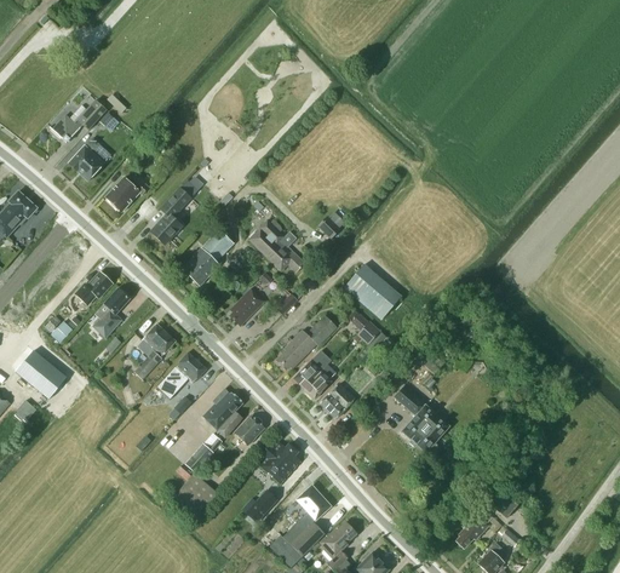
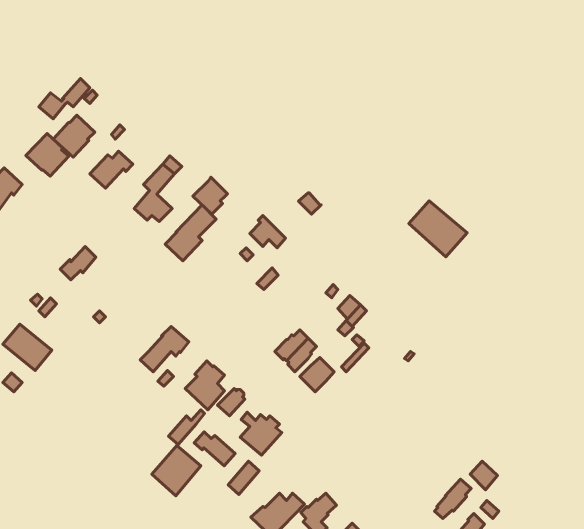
building: none -> [26,134,69,176]
building: [248,220,283,258] -> [193,177,227,214]
building: [344,262,403,319] -> [409,201,467,257]
building: [92,288,130,338] -> none
building: [229,290,263,323] -> none
building: [275,315,337,371] -> none
building: [134,323,174,379] -> none
building: [394,383,448,453] -> none
building: none -> [194,432,235,466]
building: [297,485,331,529] -> none

